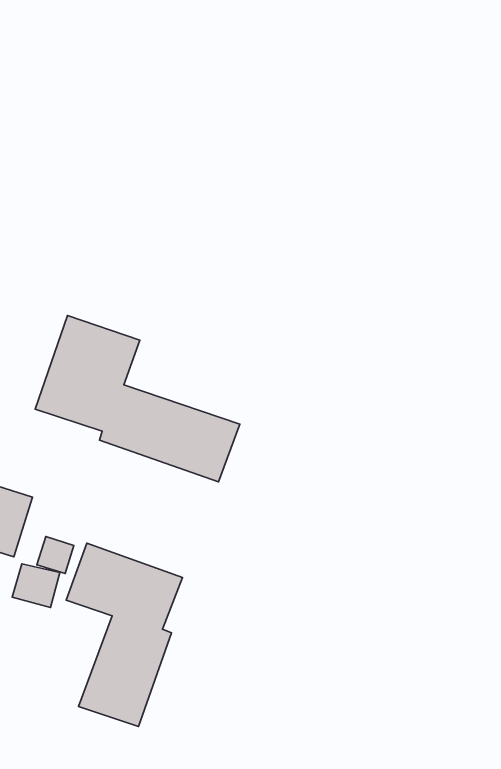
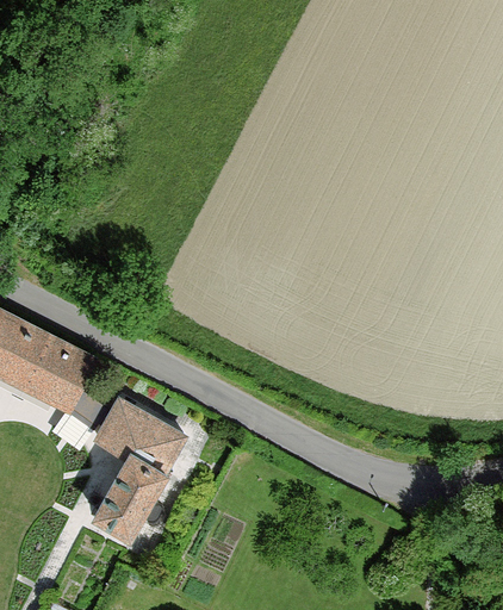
building: [35,316,240,482] -> none

